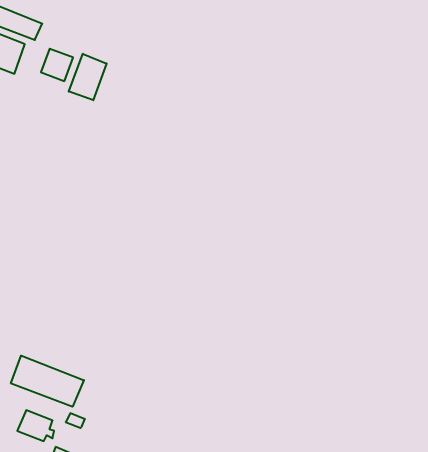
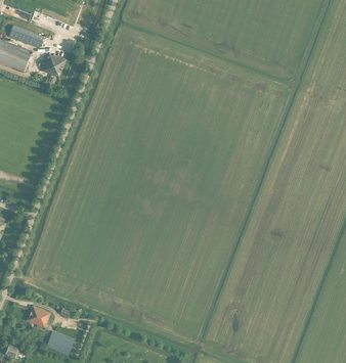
building: [69,54,107,100] -> none
building: [11,356,84,407] -> none

